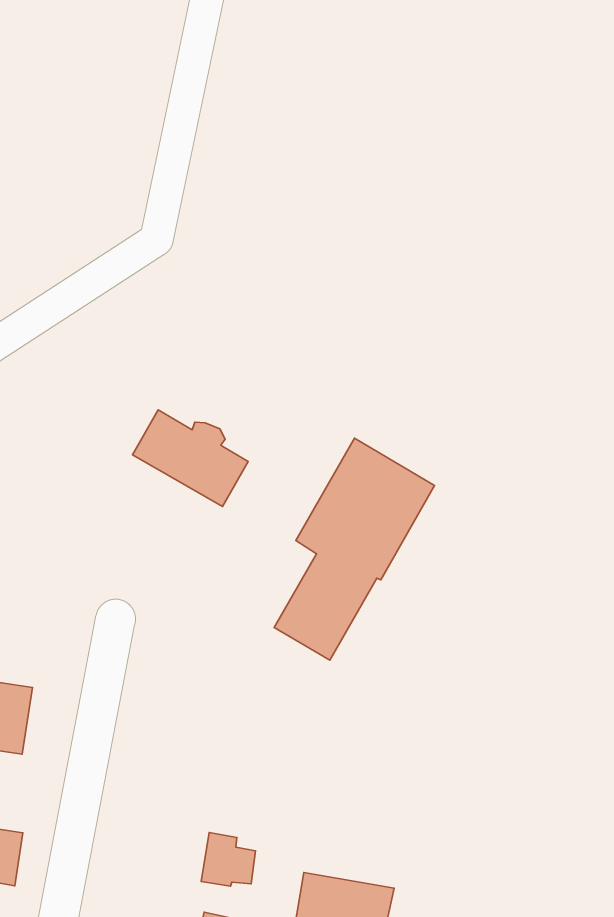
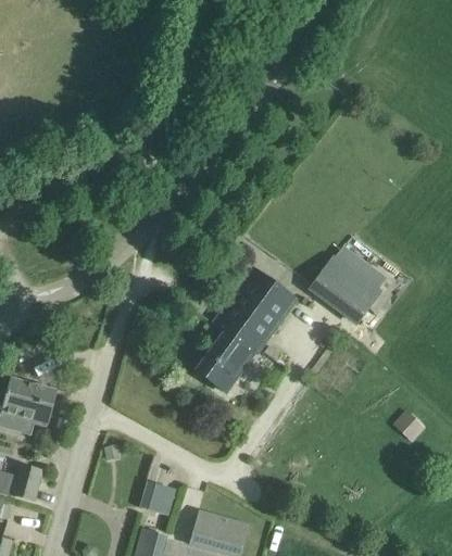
building: none -> [305,242,387,323]
building: [132,410,248,507] -> none

